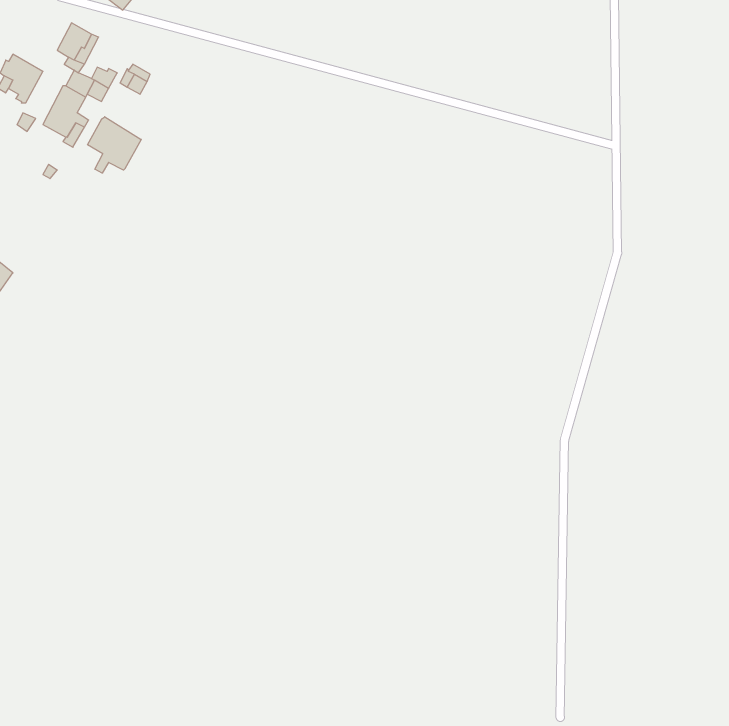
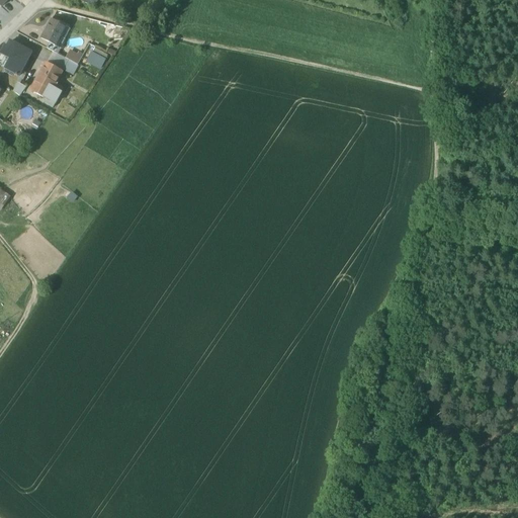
building: [88,117,141,173] -> none

